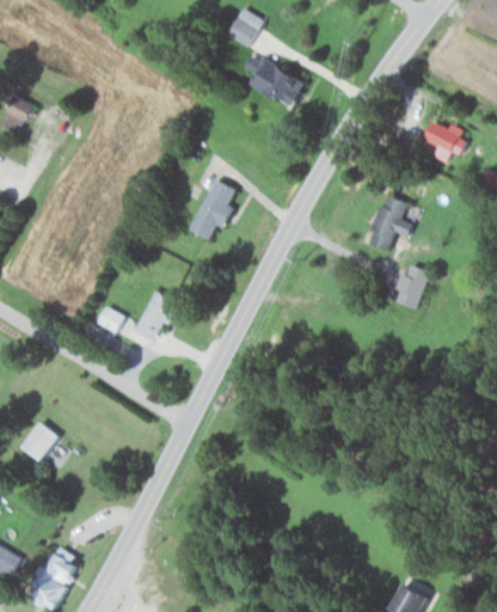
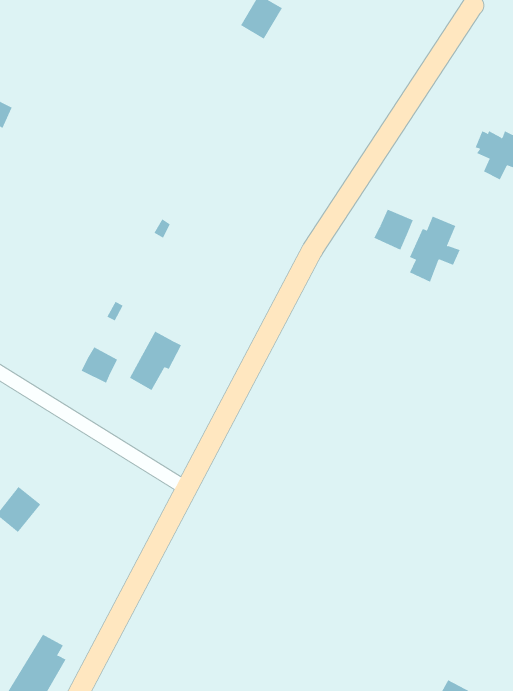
building: [244,55,307,108] -> none
building: [188,179,234,240] -> none
building: none -> [374,209,413,250]
building: [392,267,429,311] -> none

